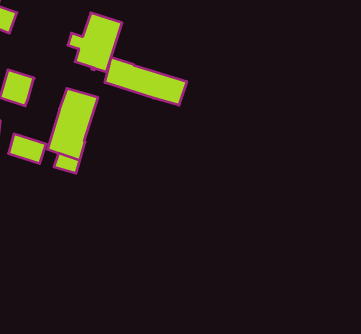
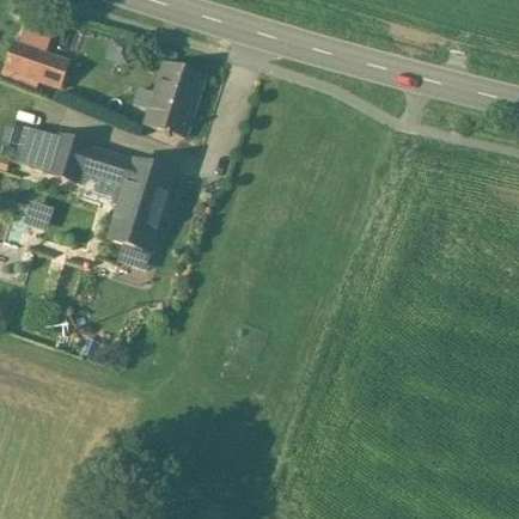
building: [105,57,187,105] -> none
building: [8,134,46,164] -> [83,146,132,184]

